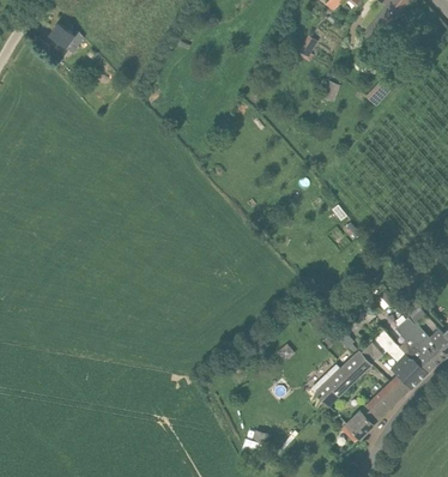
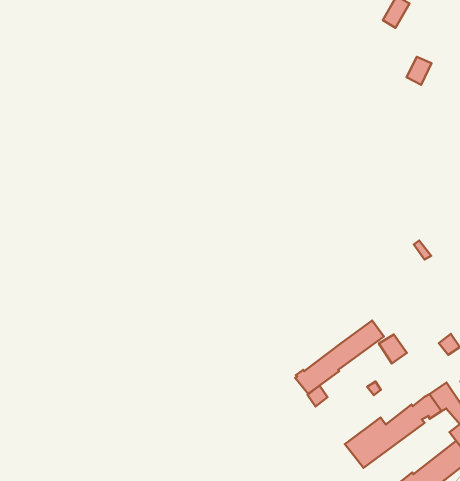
building: none -> [295,321,384,394]

